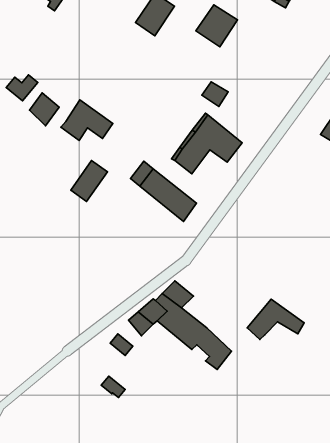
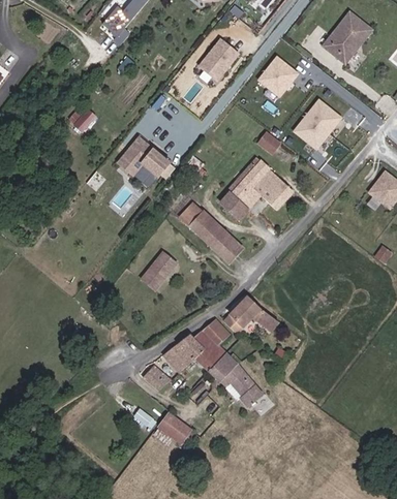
building: none -> [293,100,339,149]
building: [30,93,59,126] -> none
building: [71,161,107,201] -> [142,250,179,289]
building: [247,299,304,340] -> [222,294,278,333]
building: none -> [154,412,190,445]

